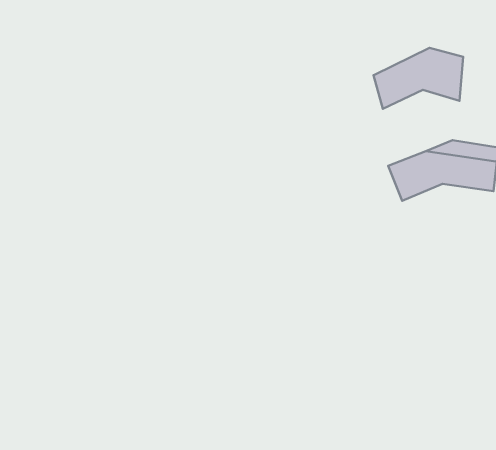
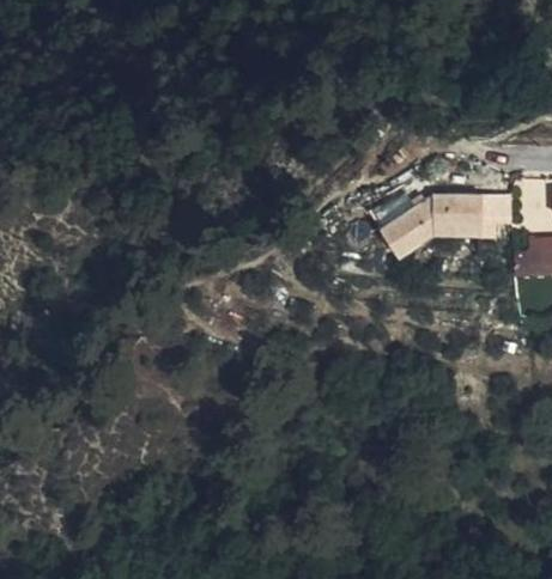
building: [374,48,463,109] -> none

